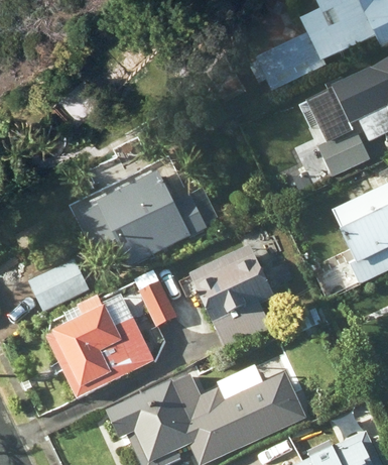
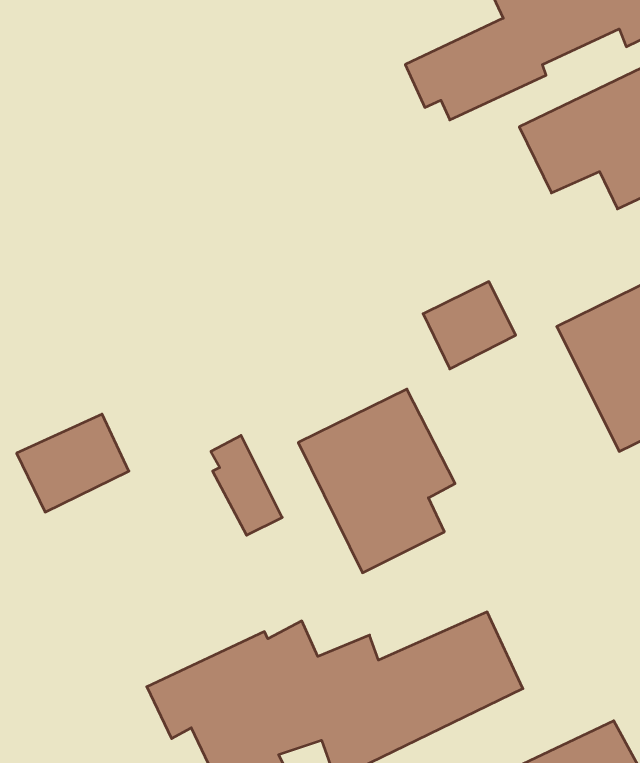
building: [316,128,369,178] -> [423,282,516,369]
building: [74,154,205,266] -> none
building: [39,295,153,401] -> none

